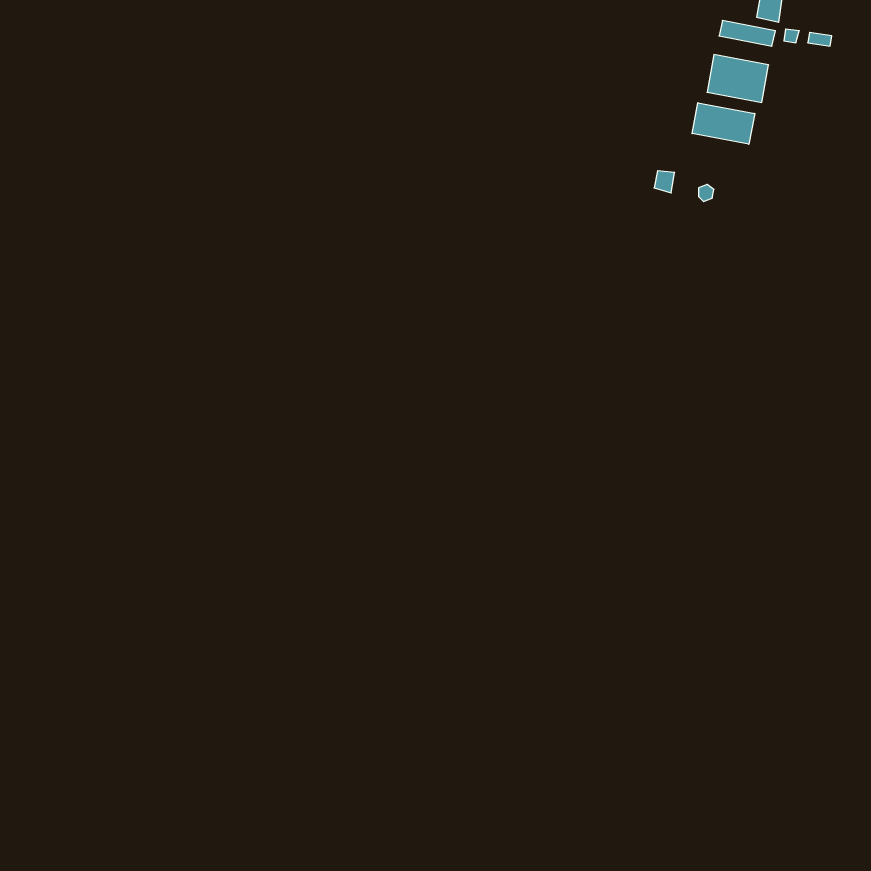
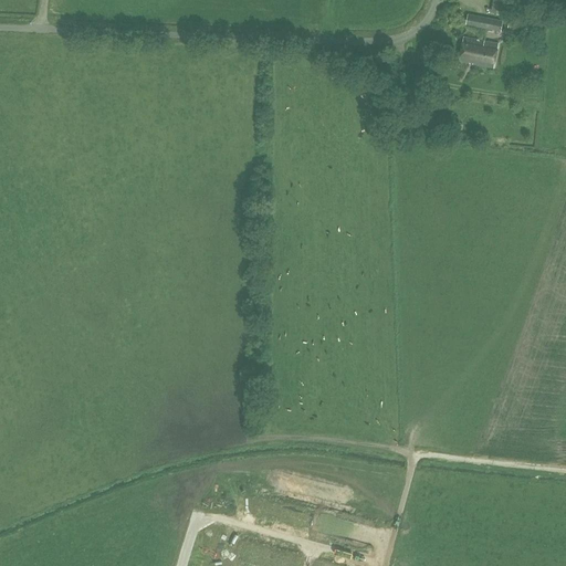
building: [692,103,755,144] -> none

